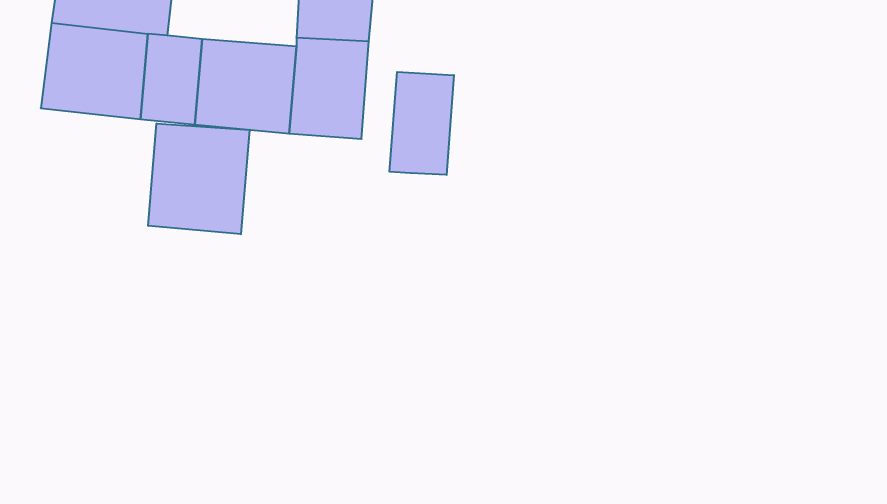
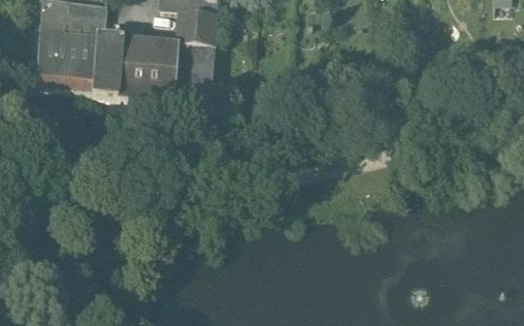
building: [390,72,454,175] -> none
building: [148,123,250,234] -> none

